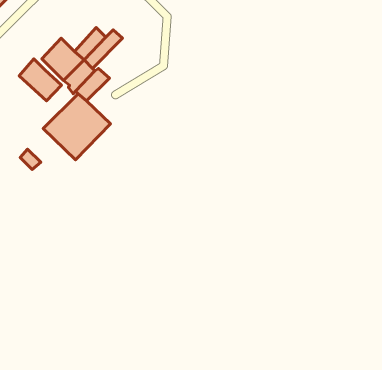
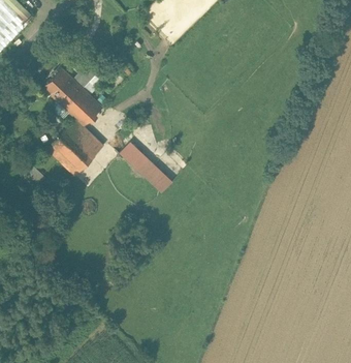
building: [19,59,62,101] -> none
building: none -> [118,141,171,194]

